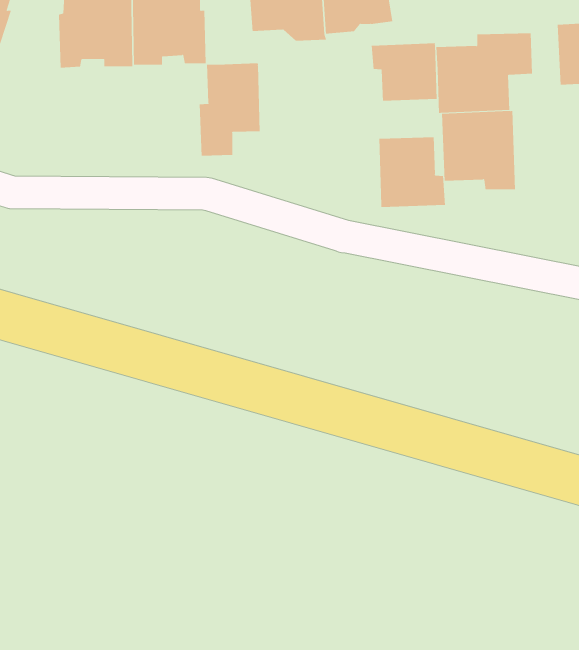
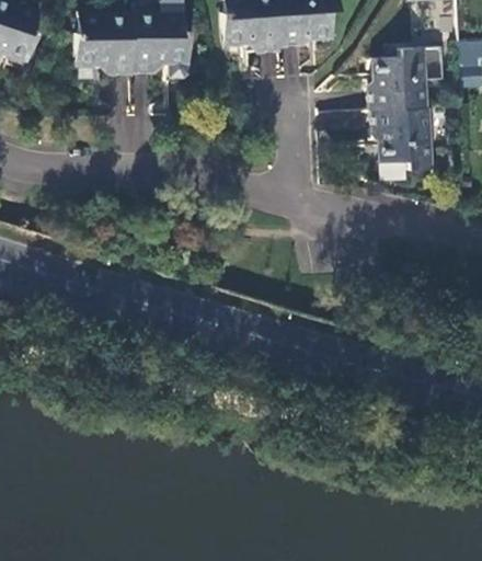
building: [371,42,437,102] -> none
building: [199,63,260,157] -> none
building: [379,136,446,208] -> none

